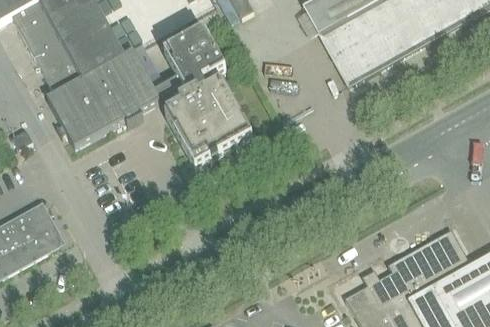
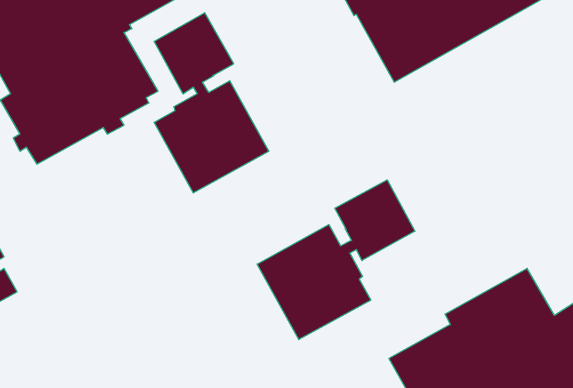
building: none -> [257,180,415,340]

